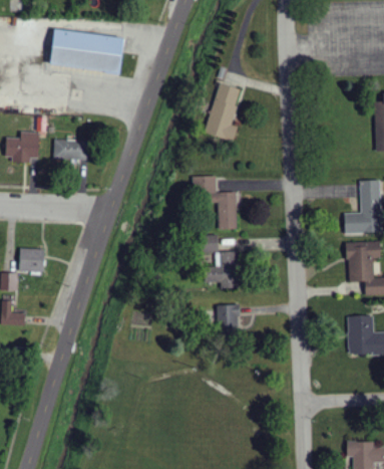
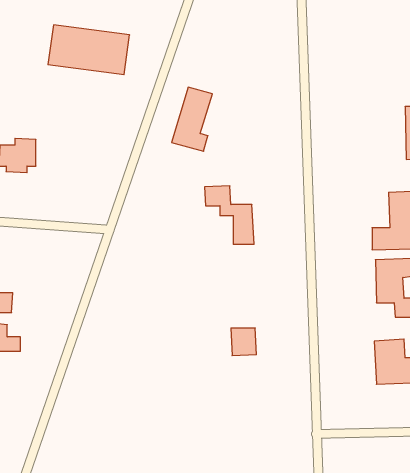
building: [205,82,242,141] -> [172,87,212,151]
building: [54,139,91,159] -> none
building: [203,234,239,287] -> none
building: [20,248,44,271] -> none

